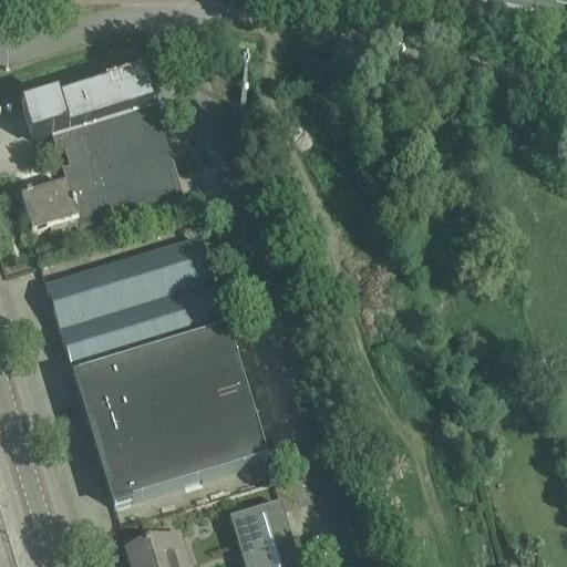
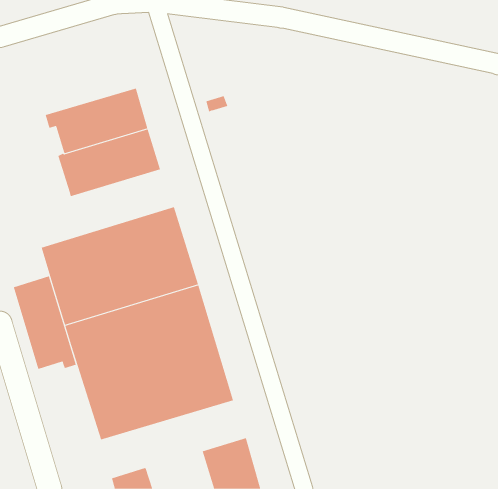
building: [24,65,155,134] -> none
building: [20,177,79,228] -> none
building: none -> [13,275,76,369]

